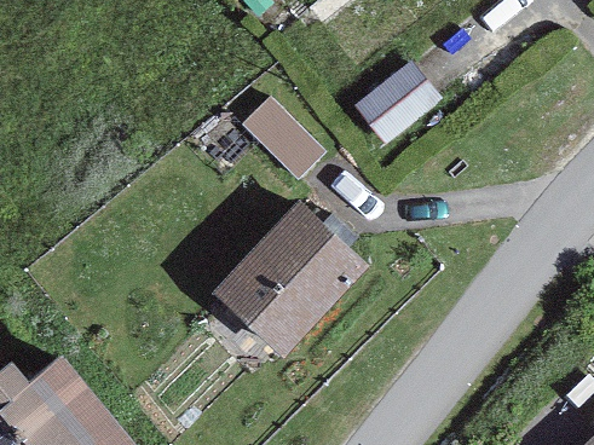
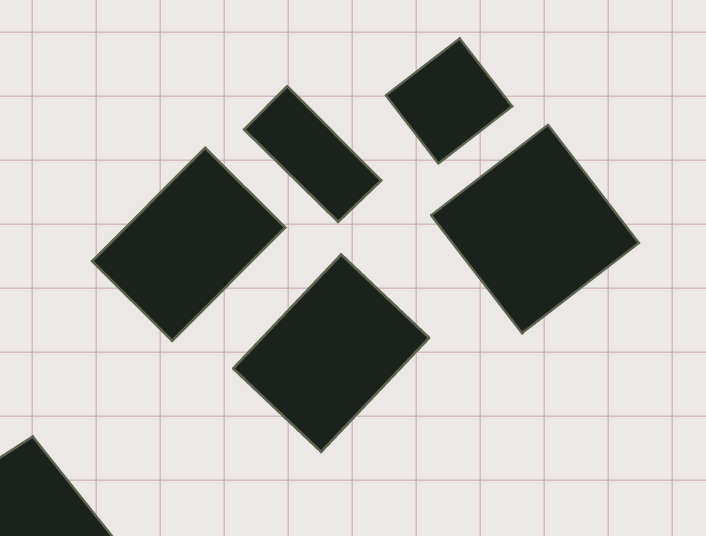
building: none -> [431,125,639,333]
building: none -> [92,148,285,341]

